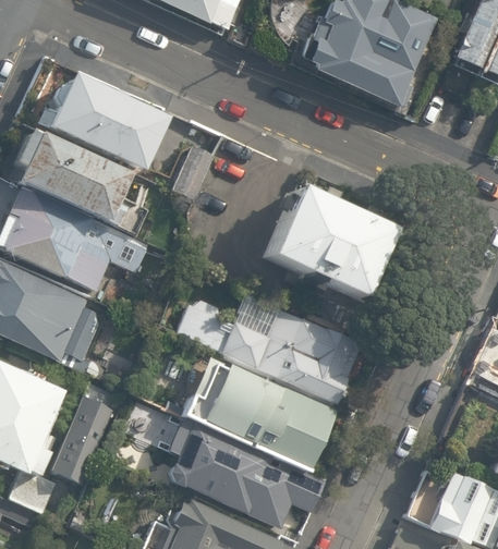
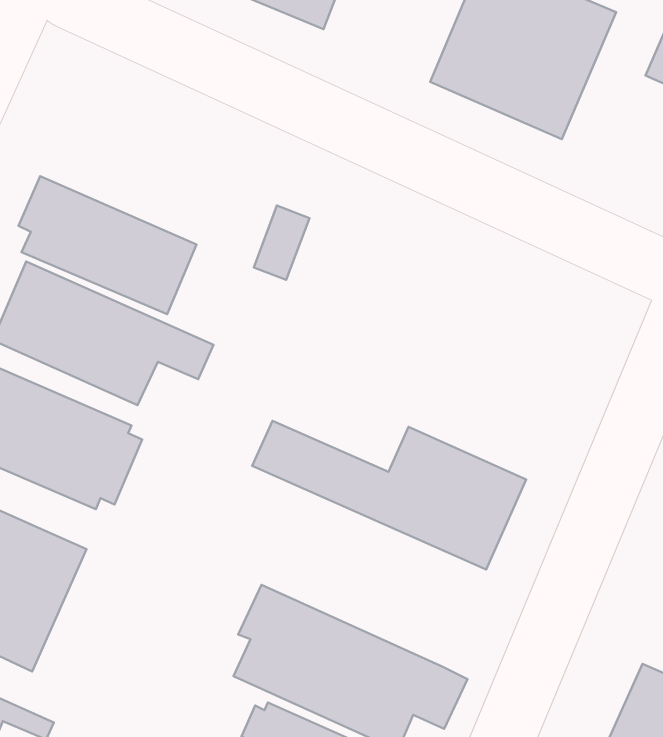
building: [48,73,171,168] -> none
building: [259,185,388,298] -> none
building: [185,354,341,473] -> none
building: [48,393,117,483] -> none

